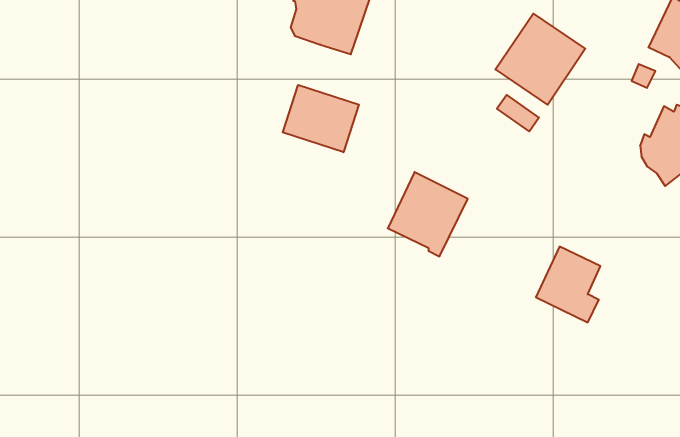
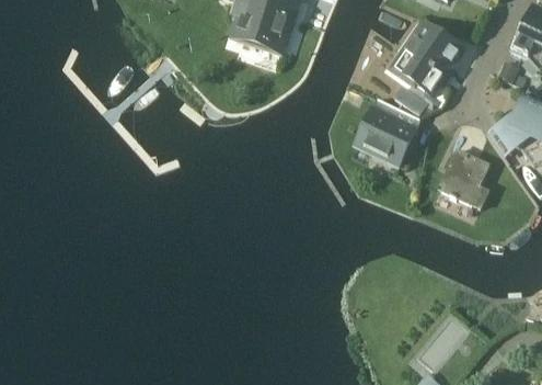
building: [283,85,359,152] -> none
building: [388,172,468,256] -> [357,98,419,163]
building: [536,247,600,322] -> [439,148,489,207]

